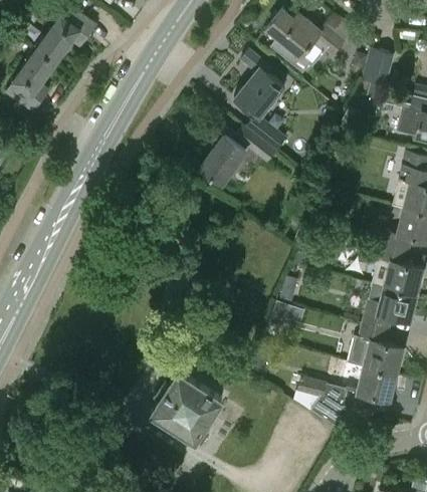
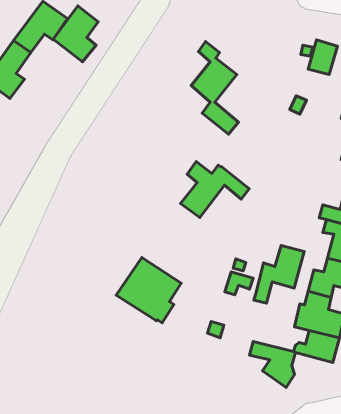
building: [269,10,344,72] -> none
building: none -> [53,6,98,62]
building: [200,122,275,184] -> [181,161,249,217]
building: none -> [254,246,304,303]
building: [151,371,222,442] -> [116,258,181,323]

